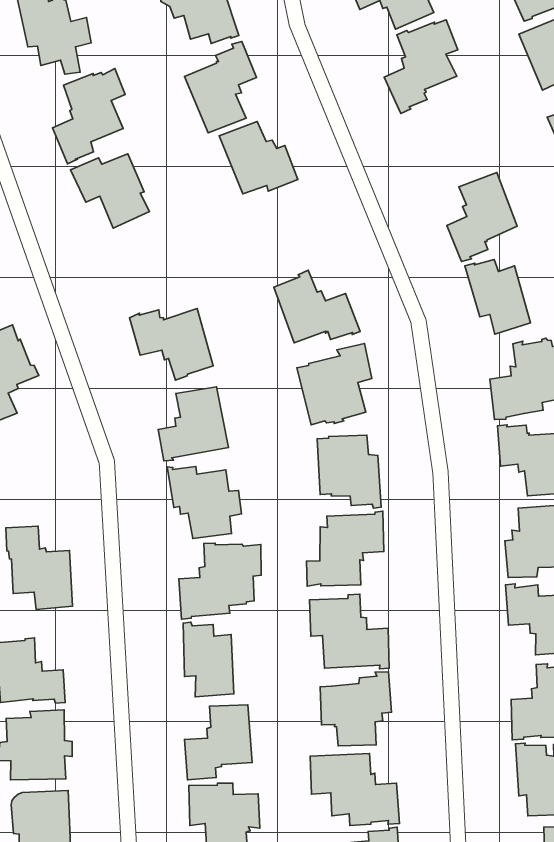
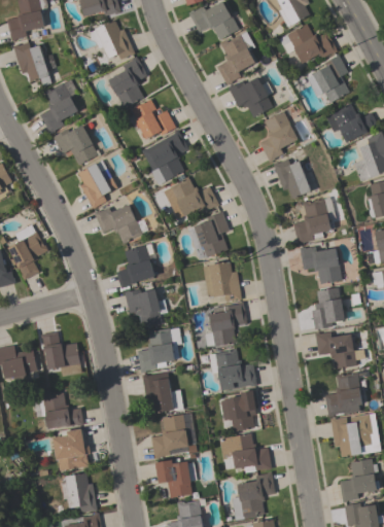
building: none -> [228,77,273,117]
building: none -> [142,130,188,185]
building: none -> [77,163,117,209]

